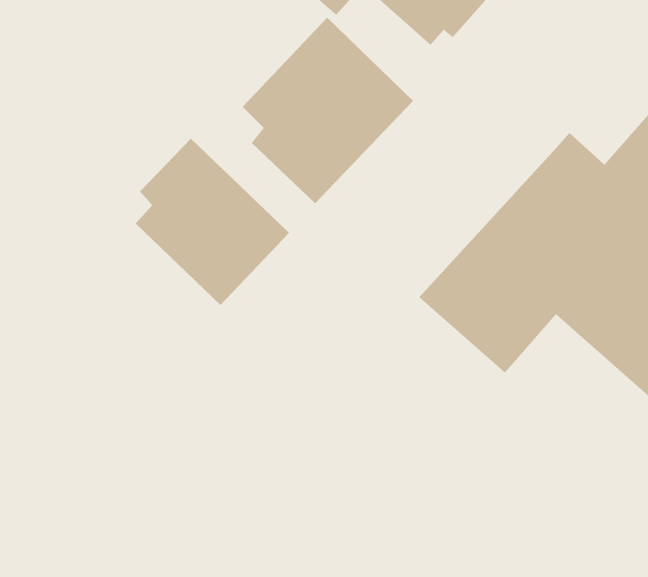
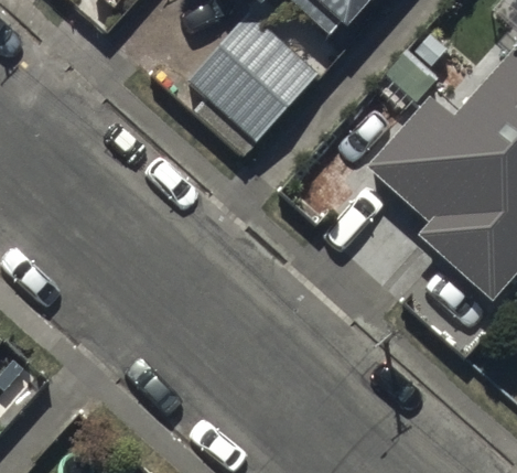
building: [135,138,290,306] -> none

